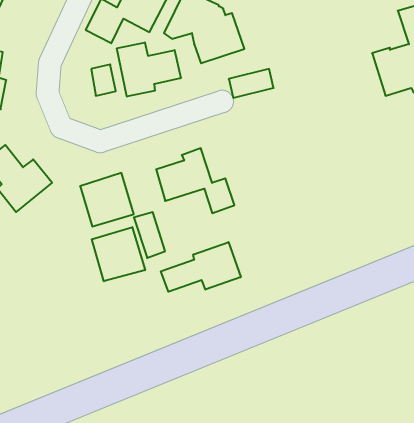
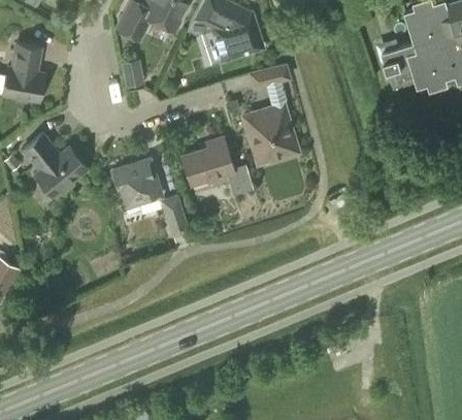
building: [117,42,181,97] -> none
building: none -> [244,105,298,163]
building: [92,227,145,281] -> none
building: [161,242,241,292] -> none

